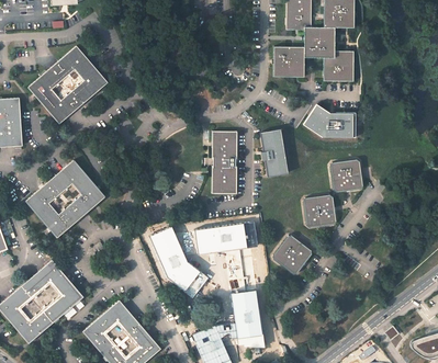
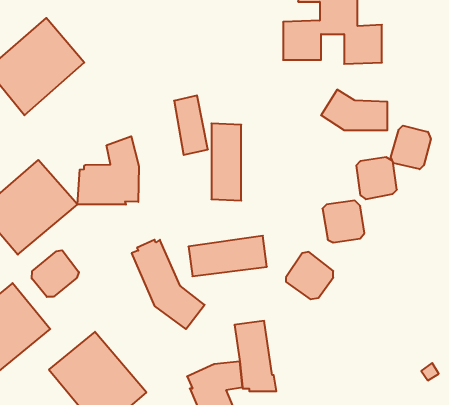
building: [260,126,288,174] -> [174,95,208,155]
building: none -> [391,126,431,169]
building: none -> [77,136,139,205]
building: none -> [32,250,79,297]

